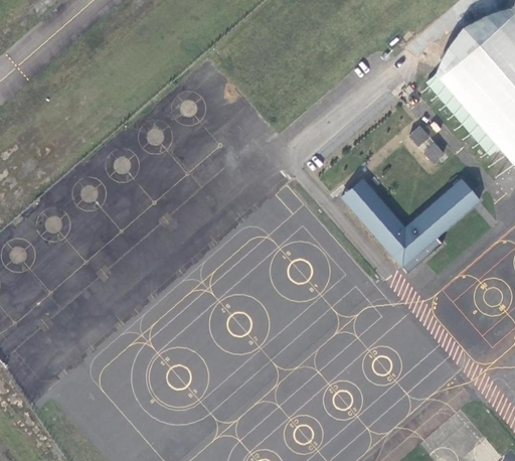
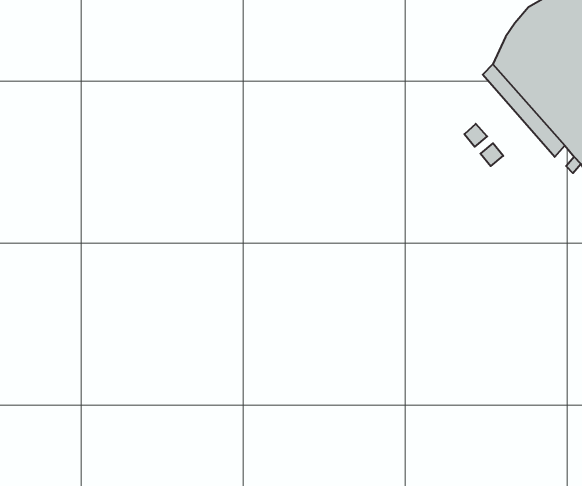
building: [341,176,484,270] -> none

